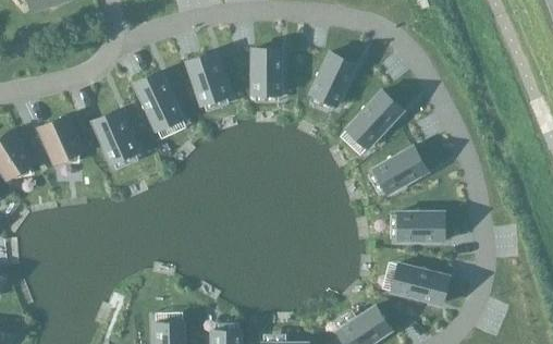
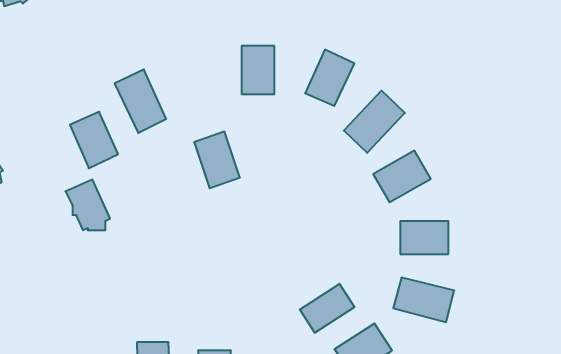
building: [185,52,228,105] -> [194,132,240,188]
building: [37,118,78,164] -> [65,180,110,230]
building: none -> [300,284,354,333]

